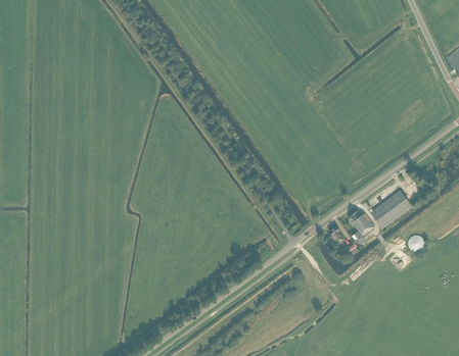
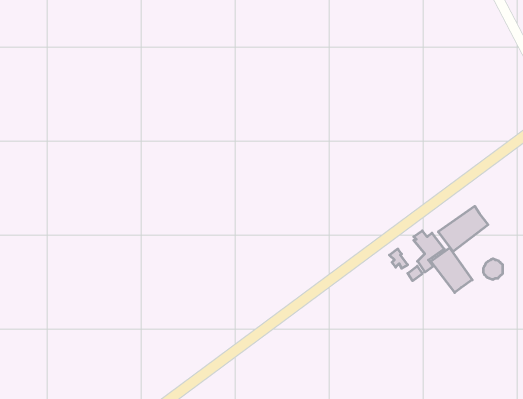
building: none -> [431,248,472,293]

